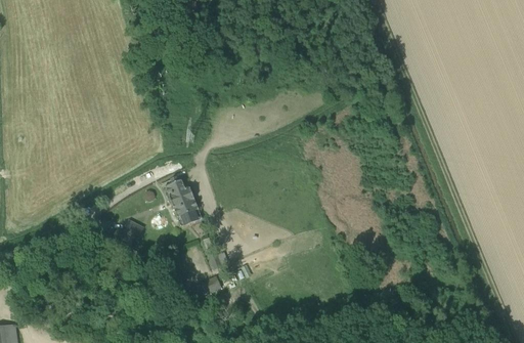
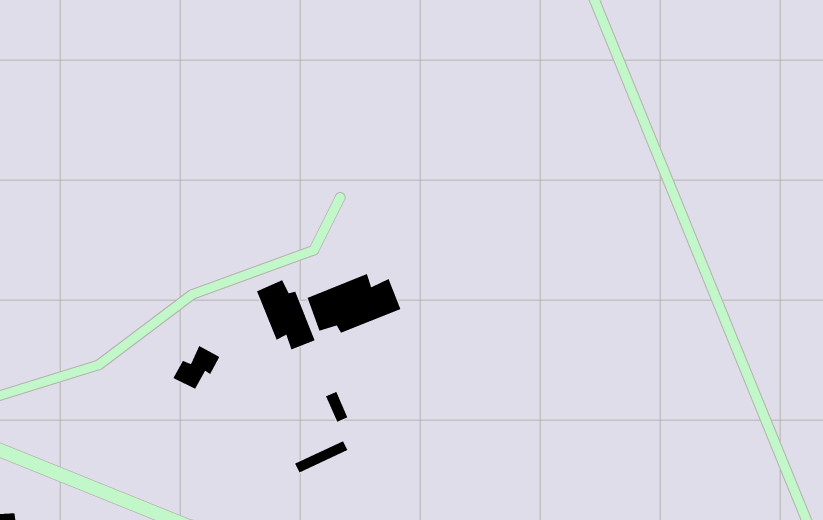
building: none -> [307,273,401,334]

